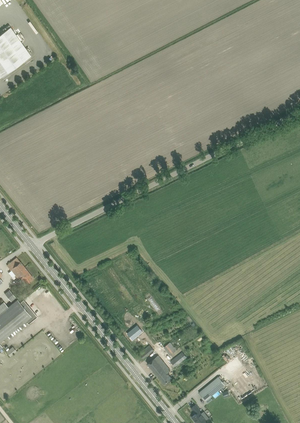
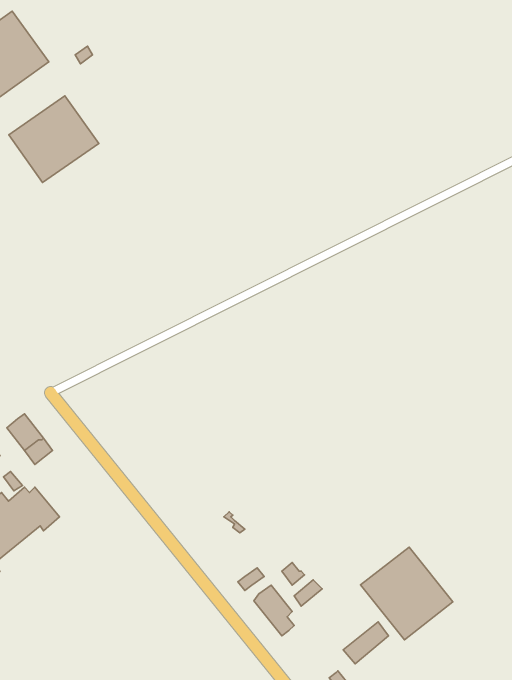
building: none -> [9,96,99,183]
building: none -> [360,547,453,640]

